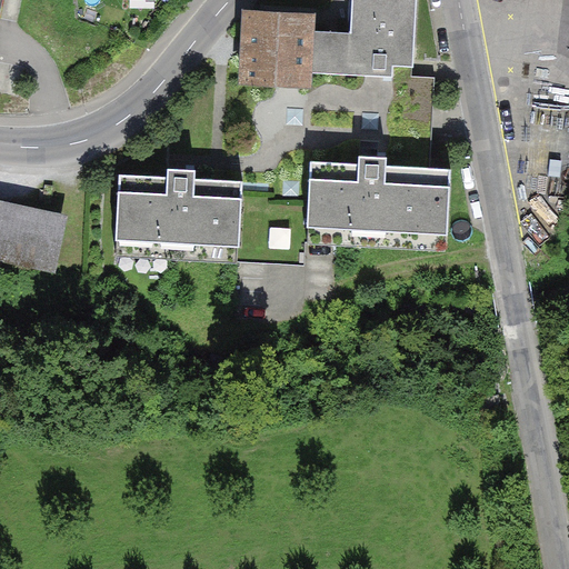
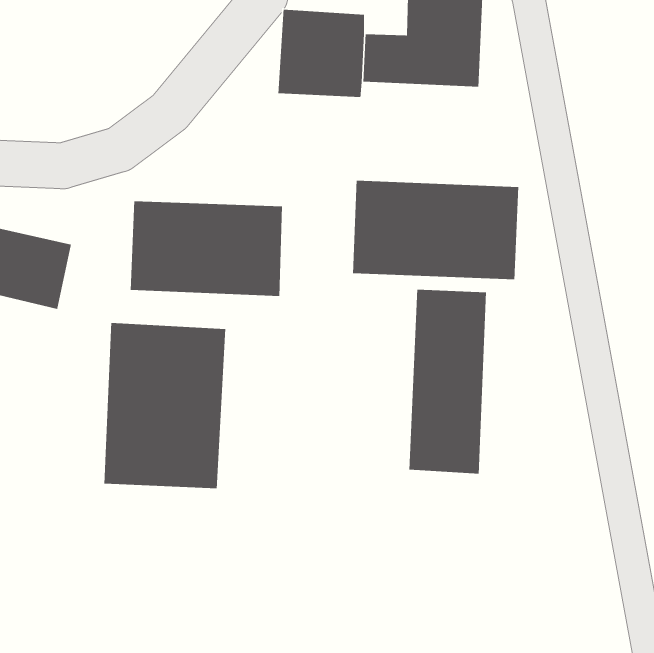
building: none -> [408,289,487,475]
building: none -> [104,322,226,489]

